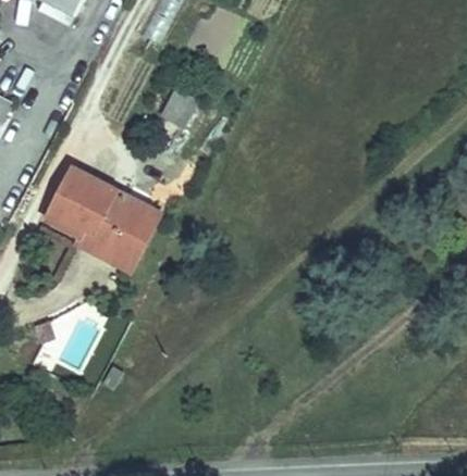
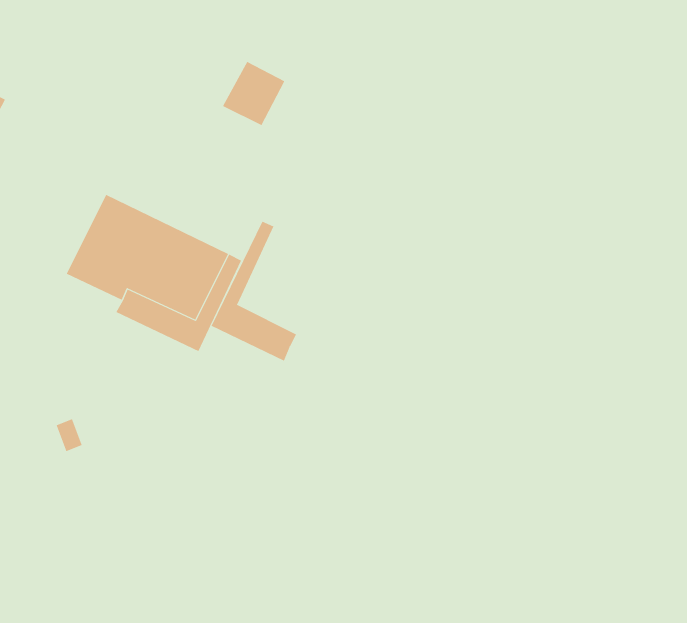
building: none -> [211,221,297,361]

